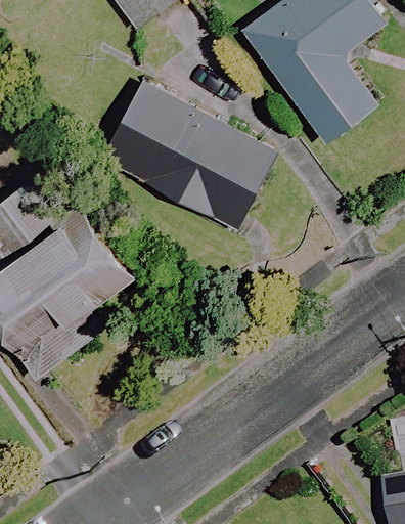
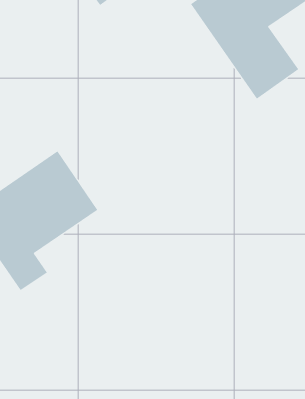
building: [101,80,274,228] -> none

